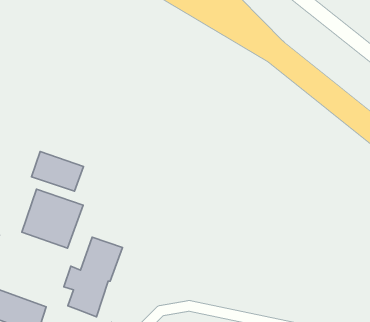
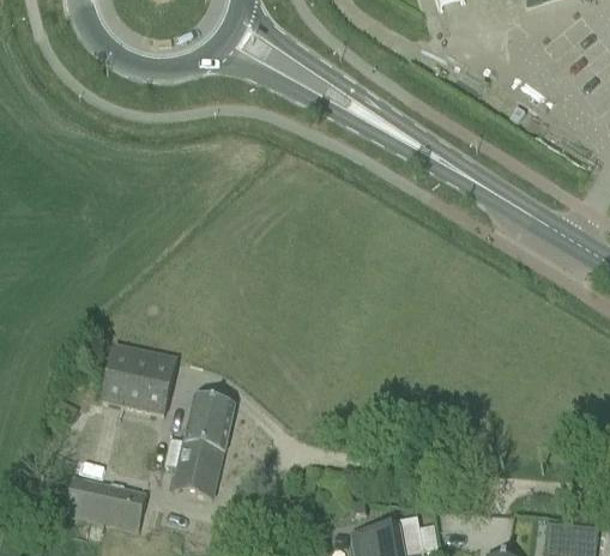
building: [32,152,83,191] -> none

